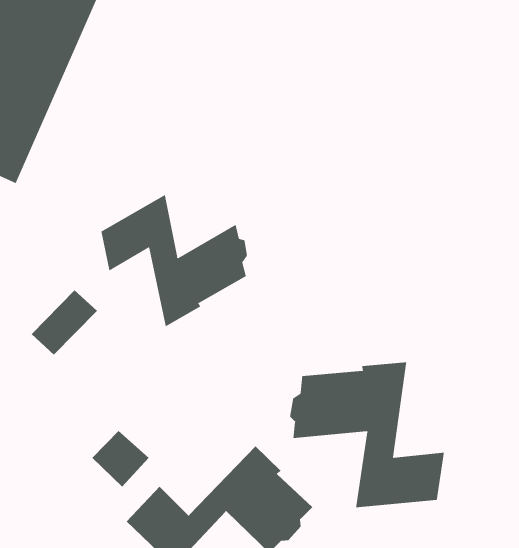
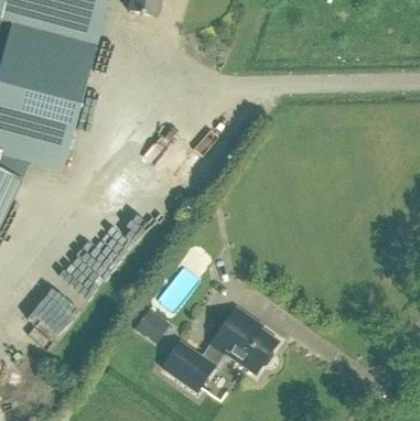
building: [101,194,247,327] -> none
building: [290,362,445,508] -> none

